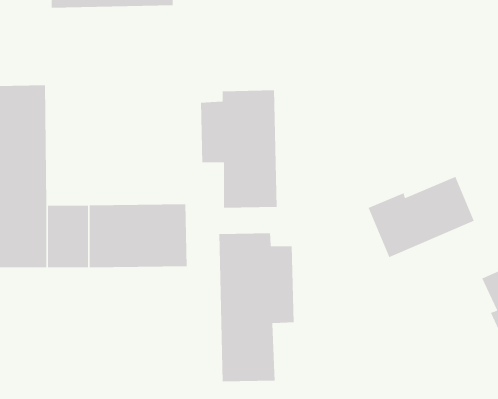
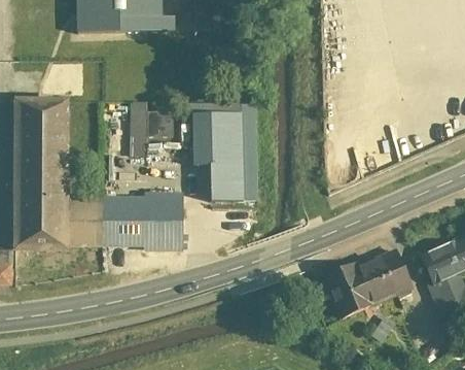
building: none -> [129,99,168,147]
building: [367,176,475,258] -> [325,248,413,315]
building: [219,233,294,382] -> none

